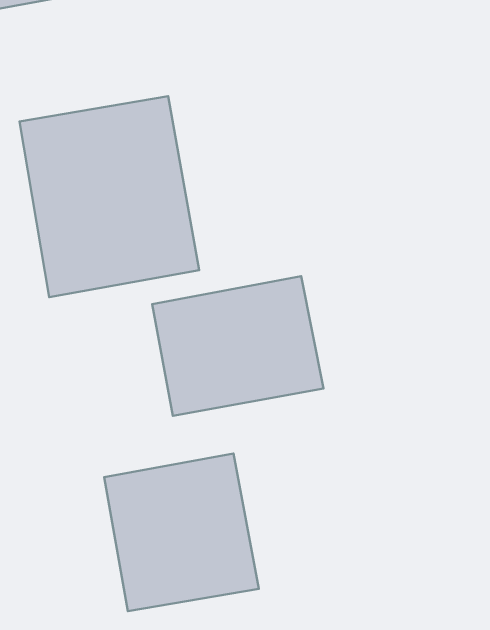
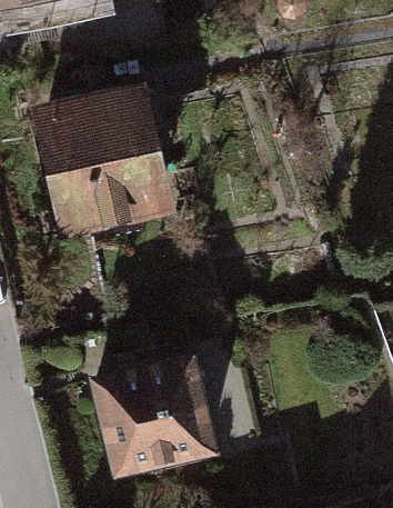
building: [152,276,324,416] -> none

